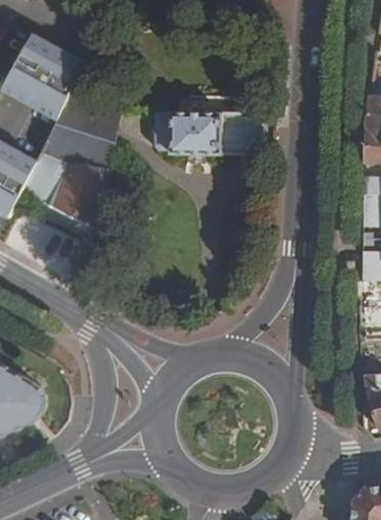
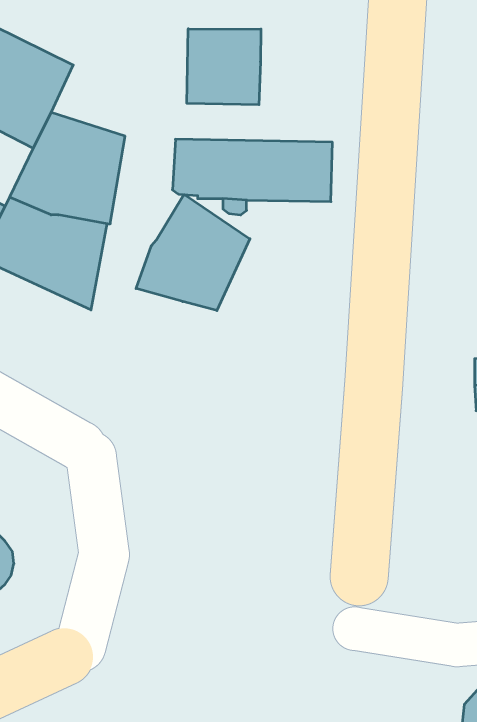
building: none -> [187,29,261,105]
building: none -> [136,195,250,311]

